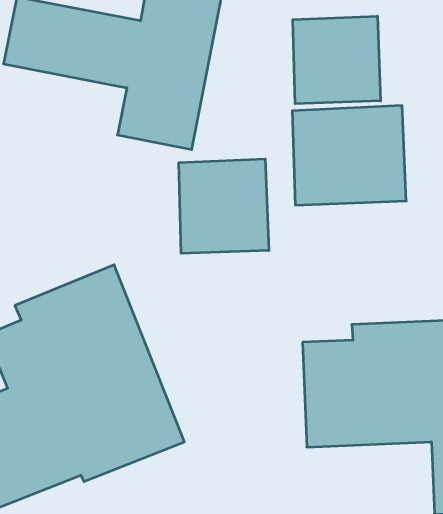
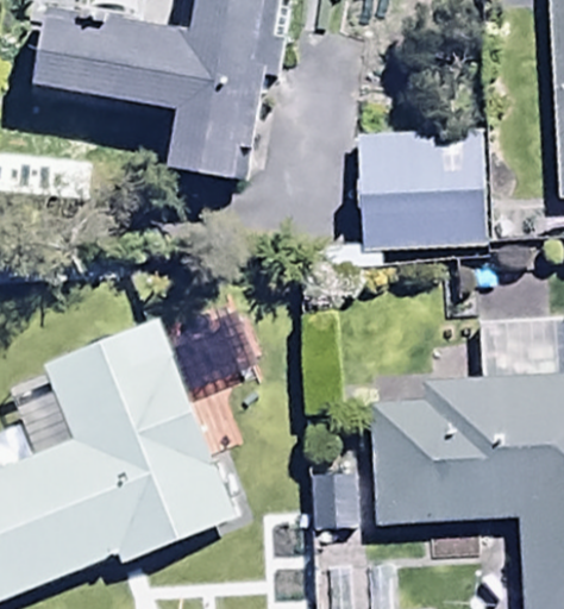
building: [293,16,381,104] -> none
building: [179,159,269,253] -> none

